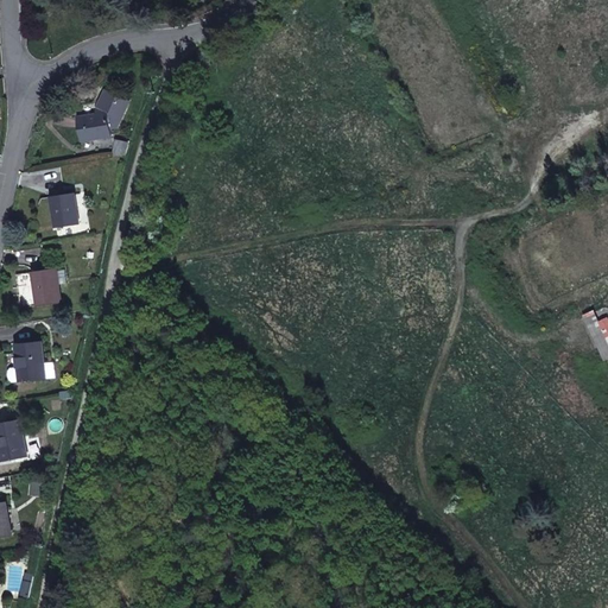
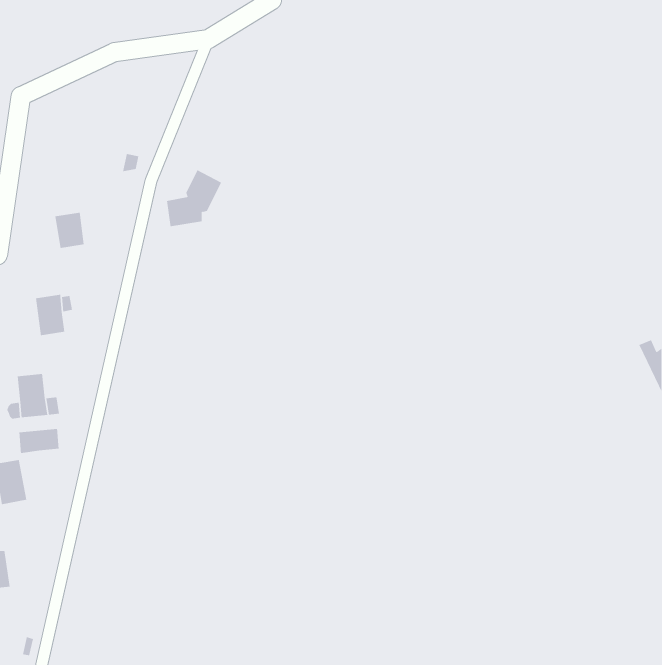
building: [77,89,128,141] -> [166,169,222,227]
building: none -> [19,428,59,454]

